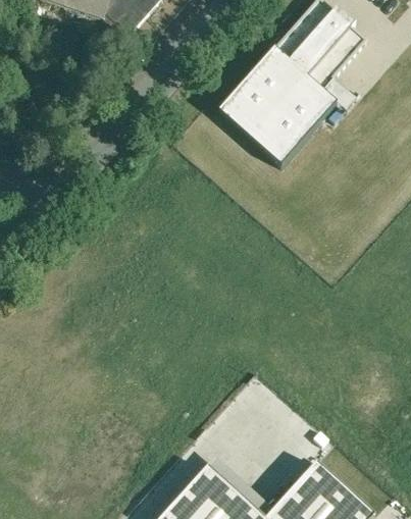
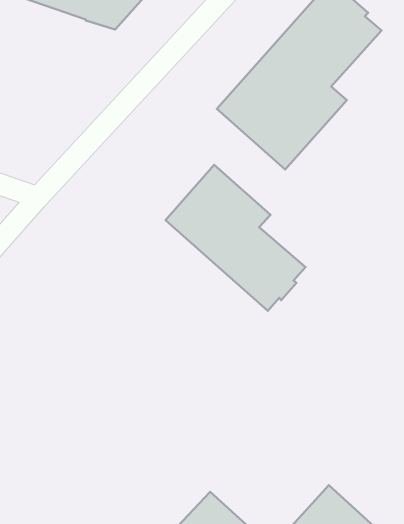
building: none -> [165,165,305,311]

